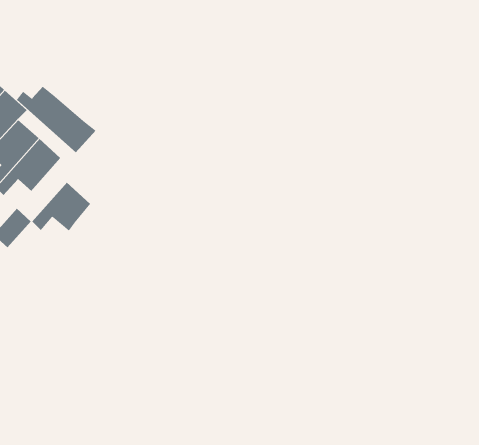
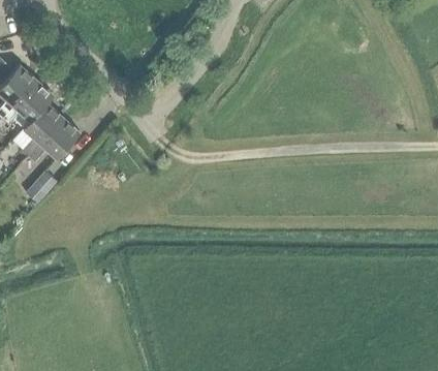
building: [16,86,96,153] -> none
building: [32,182,91,231] -> none

